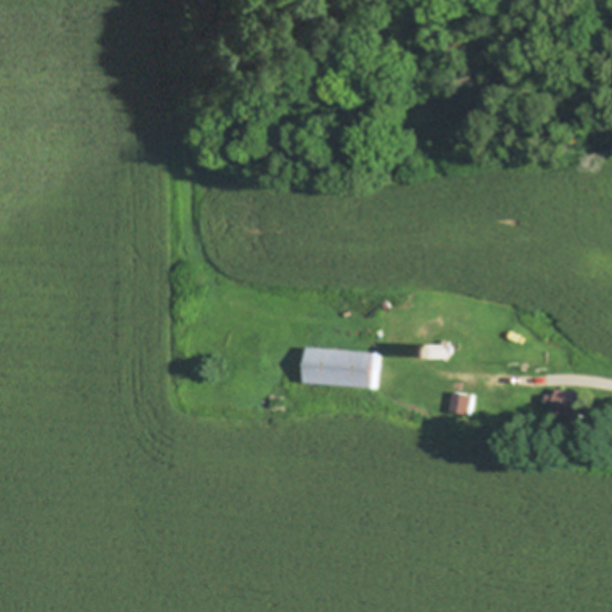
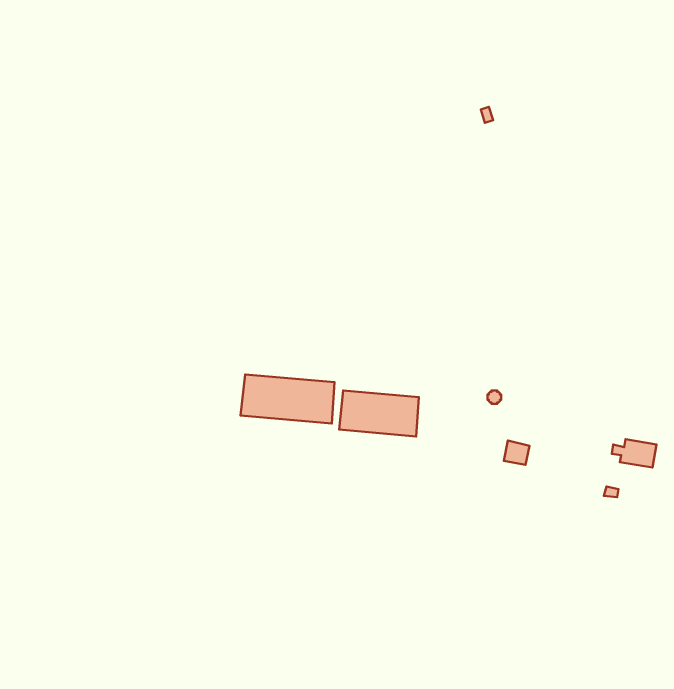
building: none -> [241,375,335,424]

